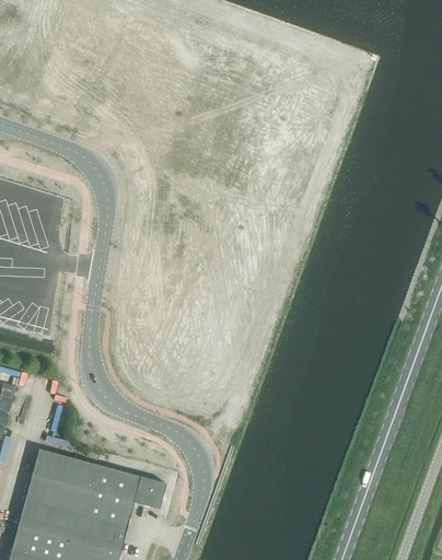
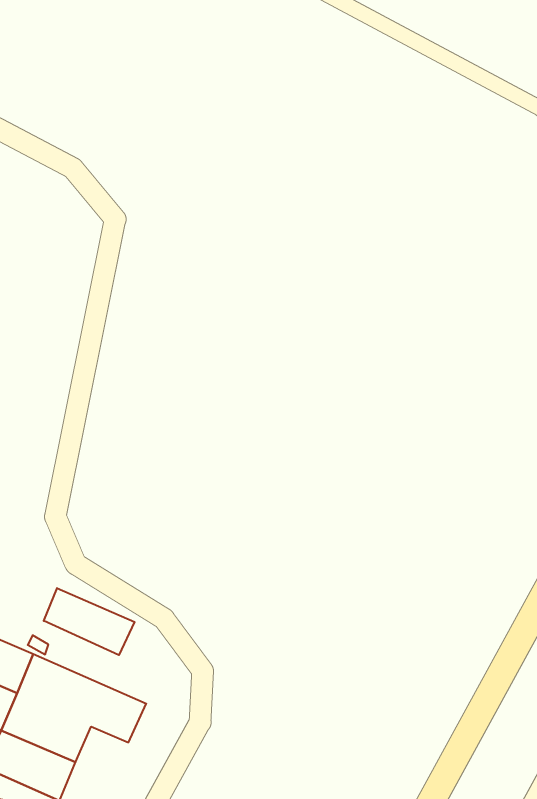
building: none -> [44,588,135,655]

